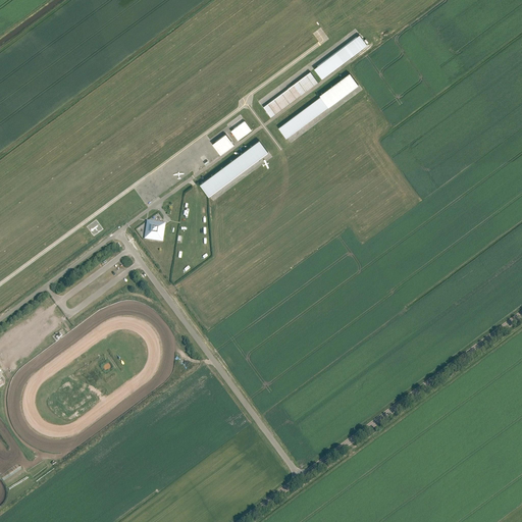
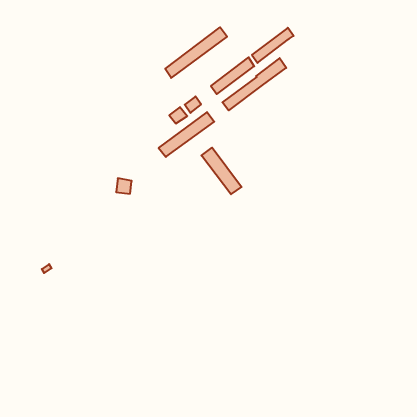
building: none -> [165,27,227,78]
building: none -> [201,148,242,194]

